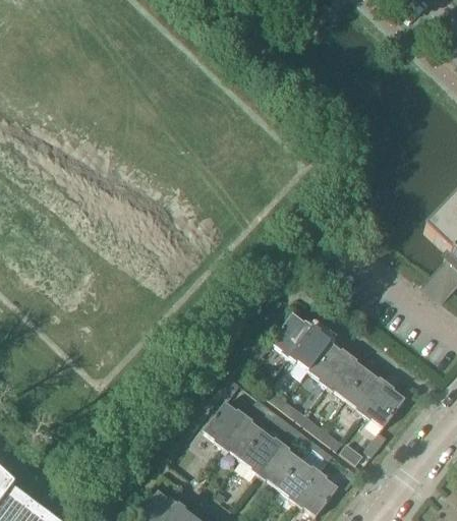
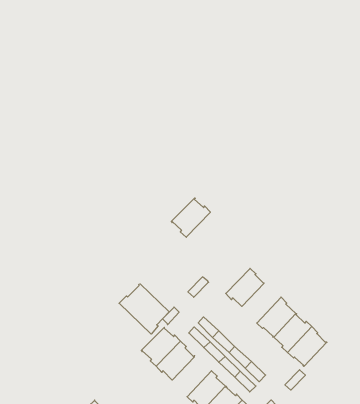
building: [270,313,311,357] -> [171,198,210,237]
building: [307,341,349,386] -> none
building: none -> [119,284,169,334]
building: [240,430,282,475] -> none

